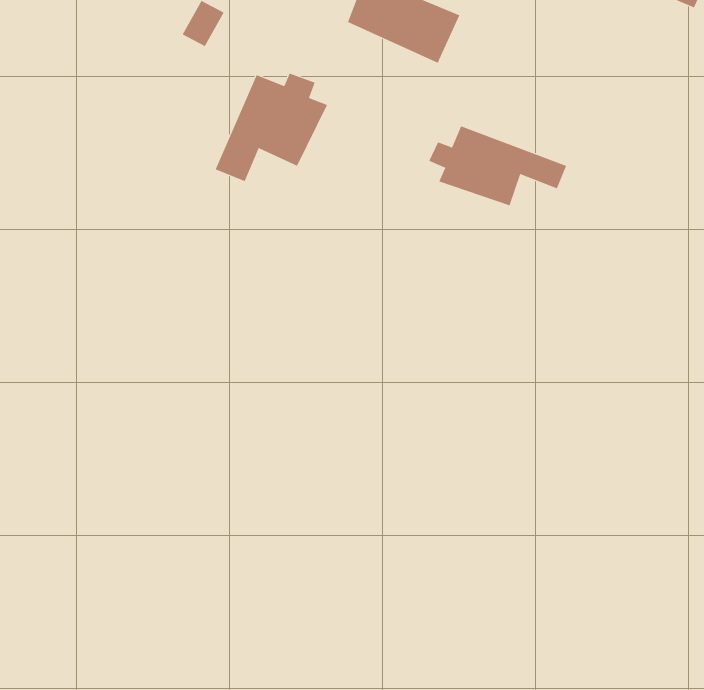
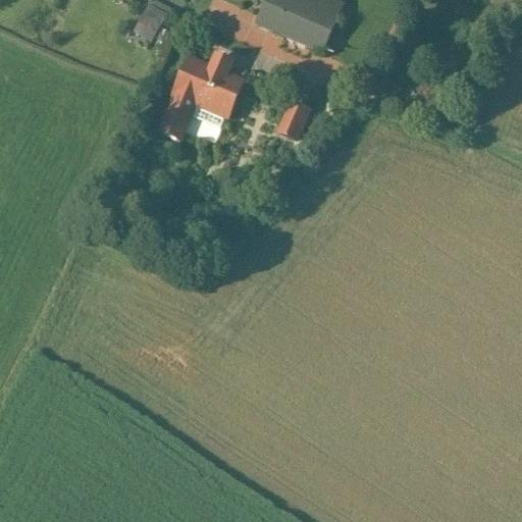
building: [428,125,567,206] -> none
building: none -> [279,99,308,135]

